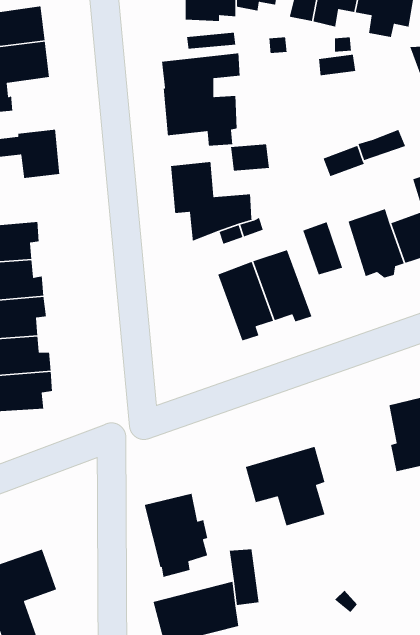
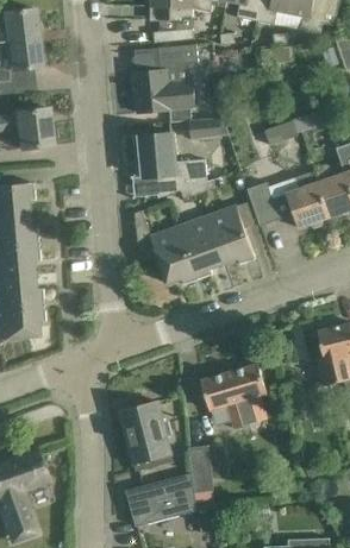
building: none -> [135,210,199,284]

